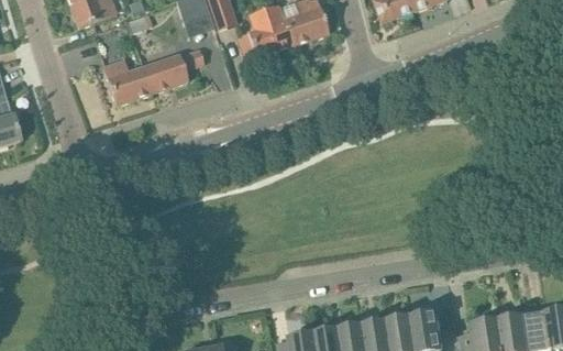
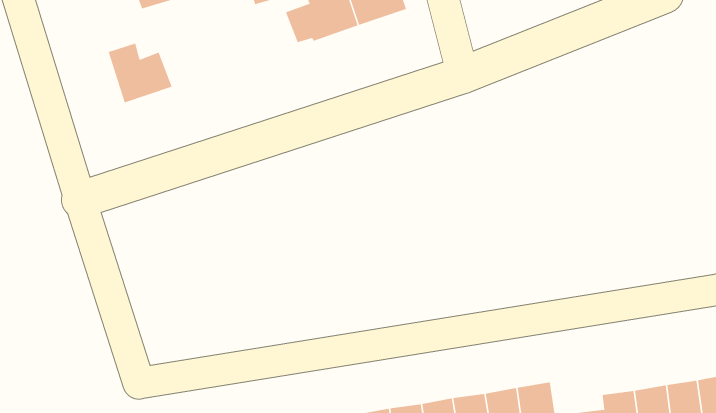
building: [142,48,203,91] -> none

